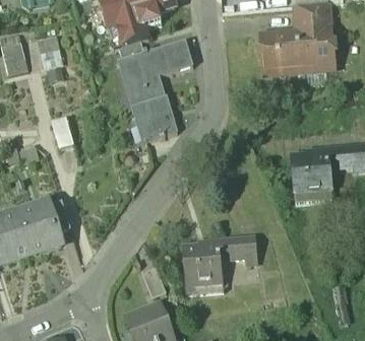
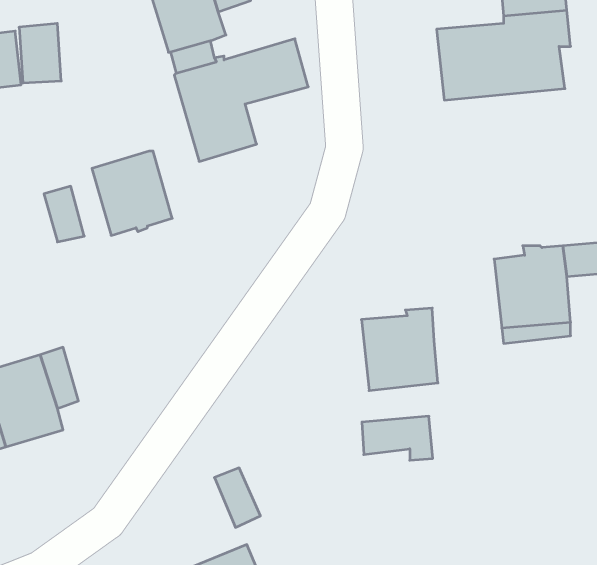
building: [134,95,177,140] -> [92,151,172,235]
building: [183,243,224,286] -> [361,308,438,391]

